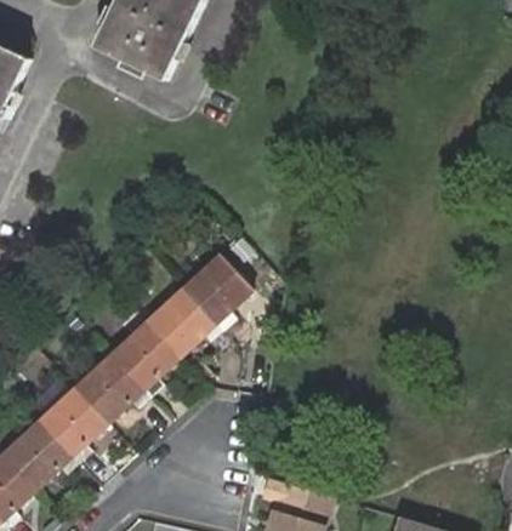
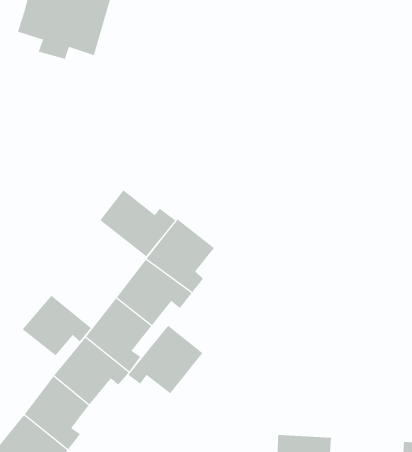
building: none -> [99,190,176,257]
building: none -> [22,295,92,356]
building: none -> [128,325,203,394]

